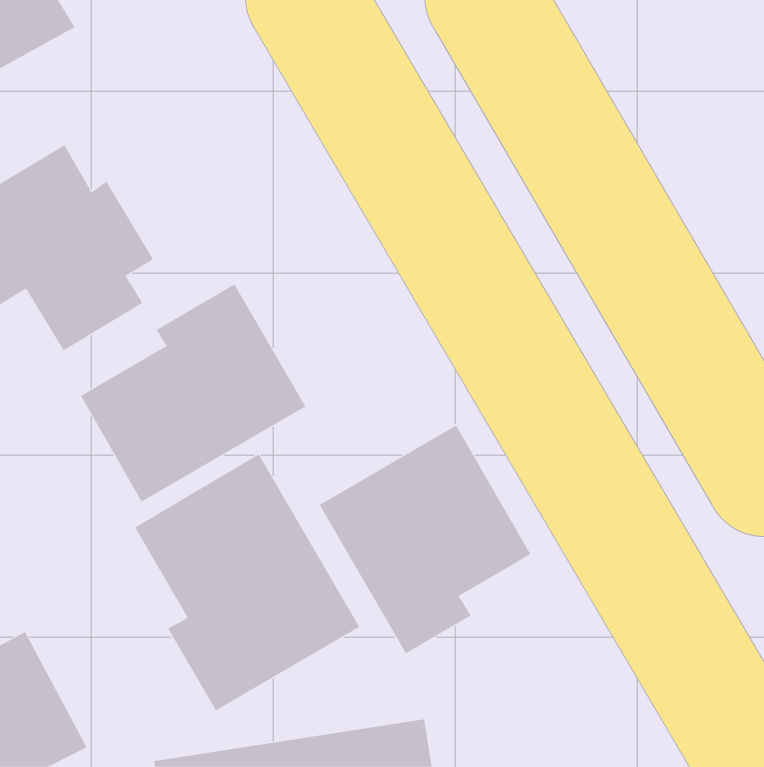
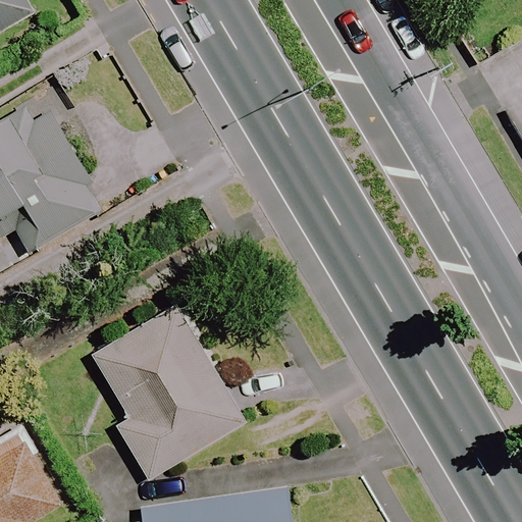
building: [80,284,306,503] -> none
building: [319,424,531,654] -> none

